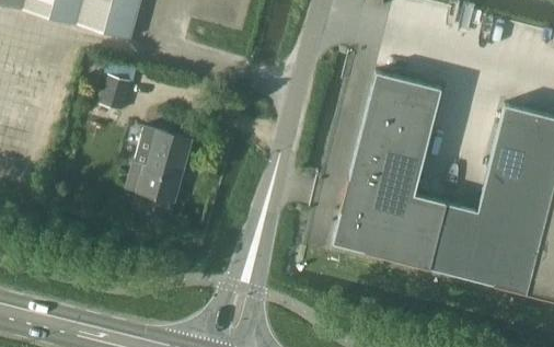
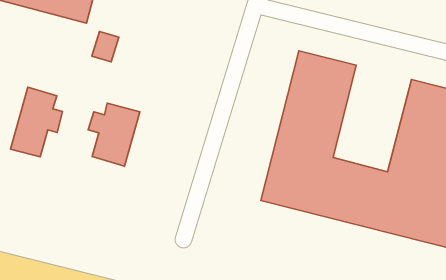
building: [100,77,130,112] -> [92,31,119,62]
building: none -> [10,87,62,157]

